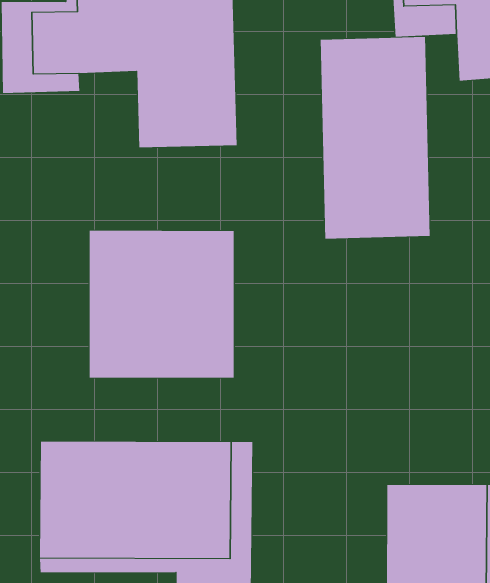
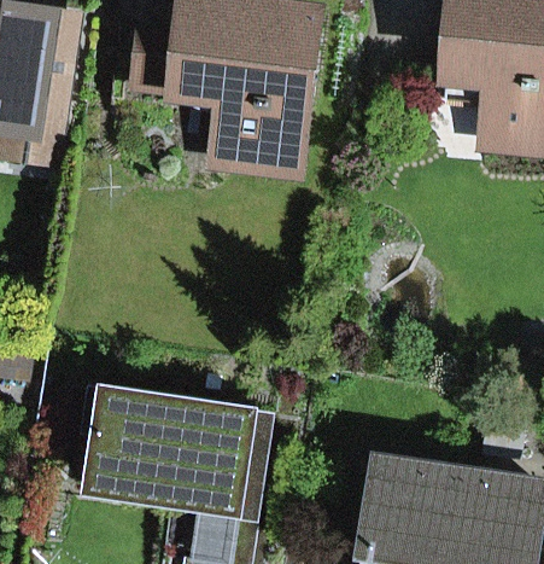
building: [320,36,430,240] -> none
building: [89,230,234,379] -> none

